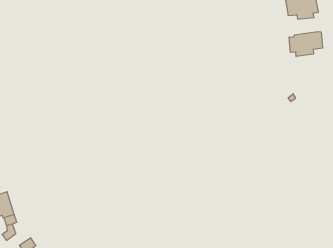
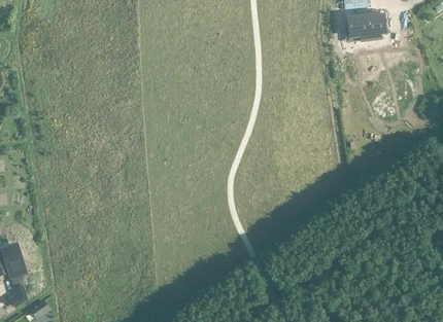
building: [289,32,322,57] -> none

